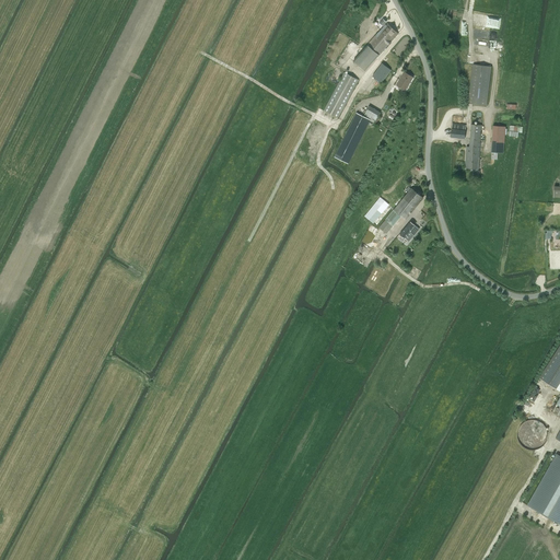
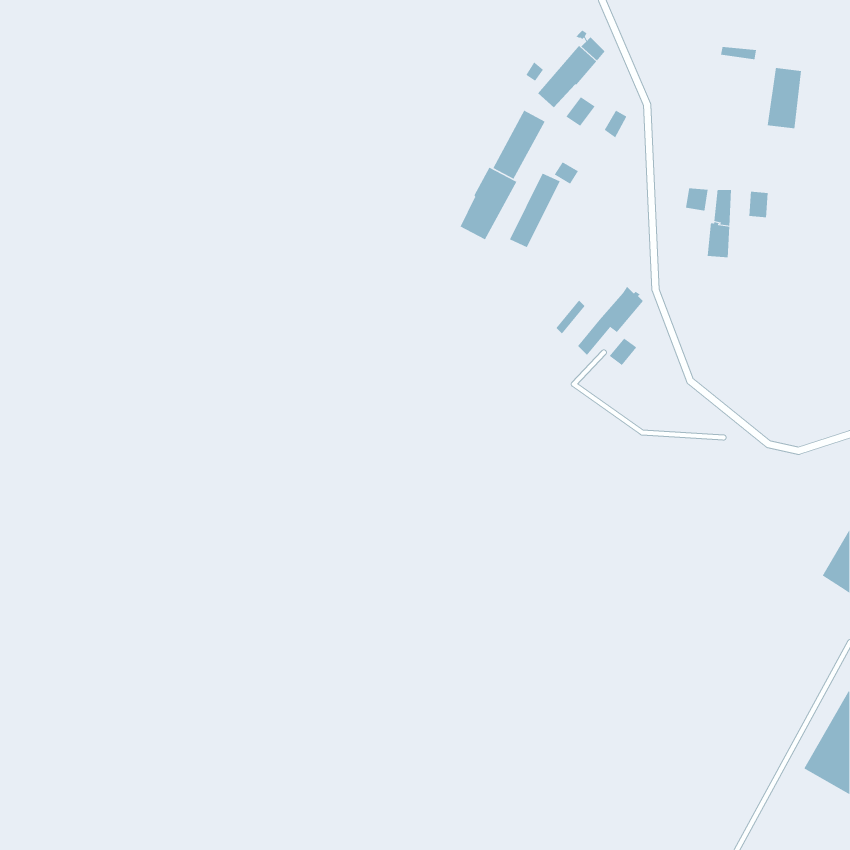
building: [468,65,491,105] -> [767,67,802,129]
building: none -> [460,167,517,240]
building: [517,417,549,448] -> none

